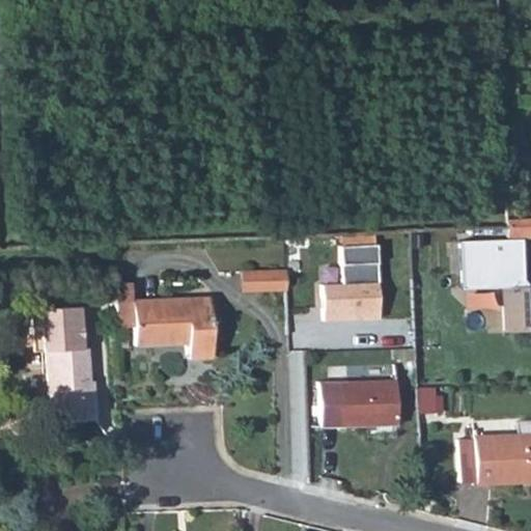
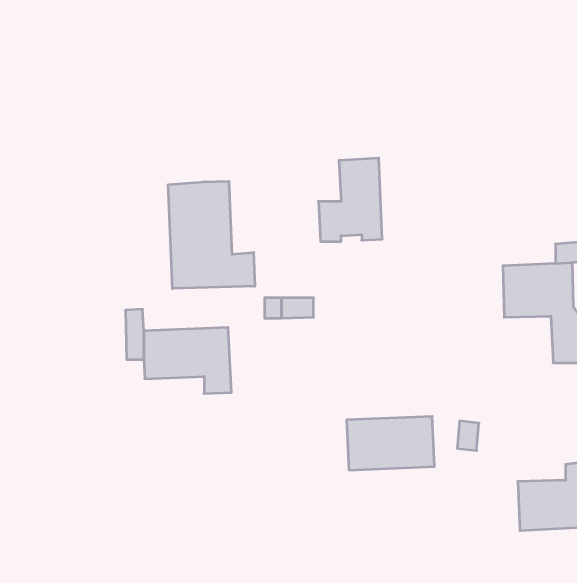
building: none -> [168,181,255,289]
building: [325,245,383,320] -> [318,158,382,241]
building: [33,307,99,422] -> none

